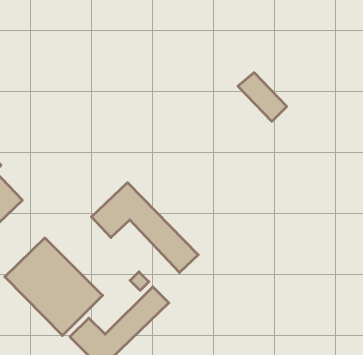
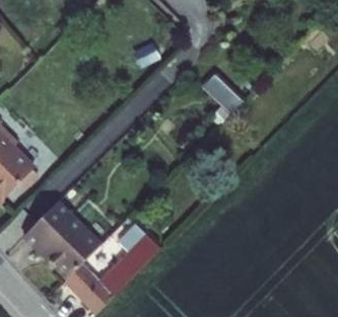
building: [91,183,198,273] -> none

